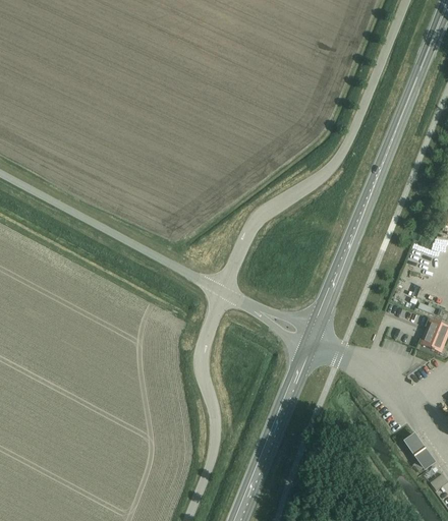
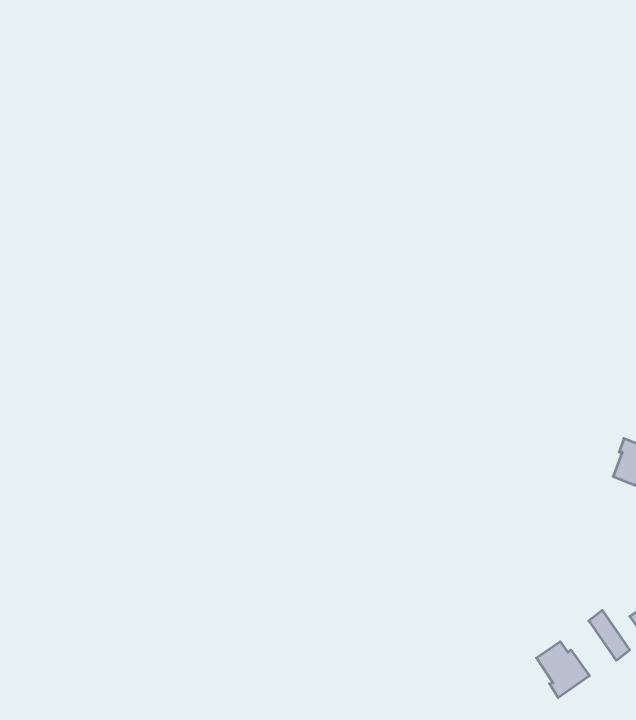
building: none -> [536,642,589,698]

